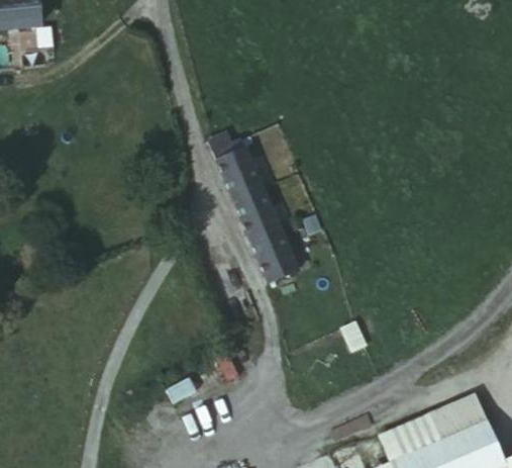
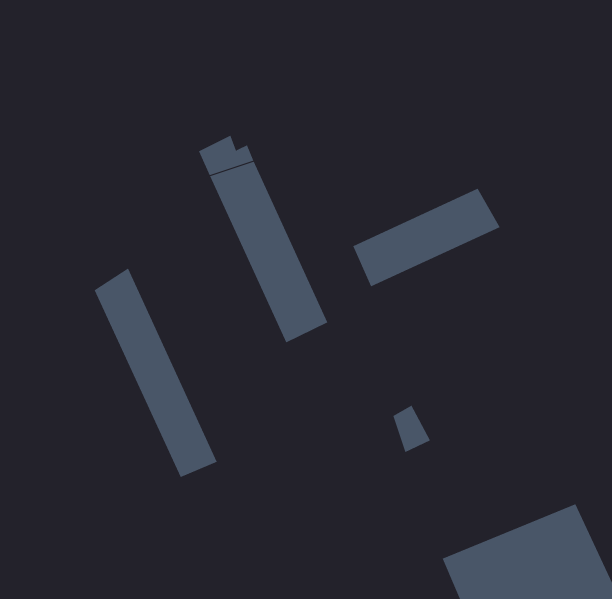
building: none -> [353,188,501,287]
building: none -> [94,267,217,478]

